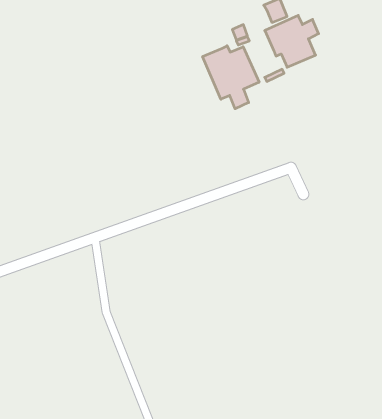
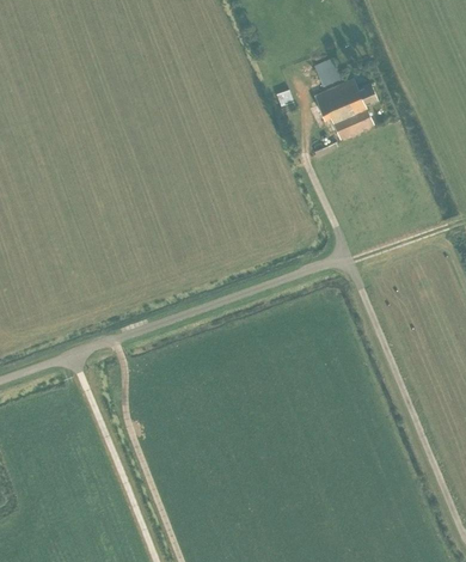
building: [203,46,259,109] -> none

